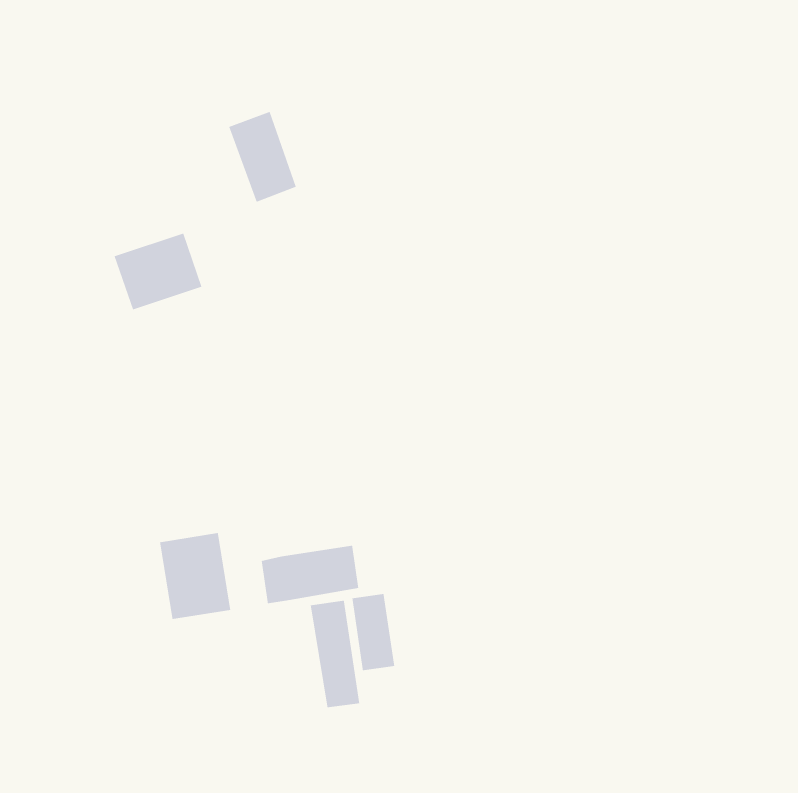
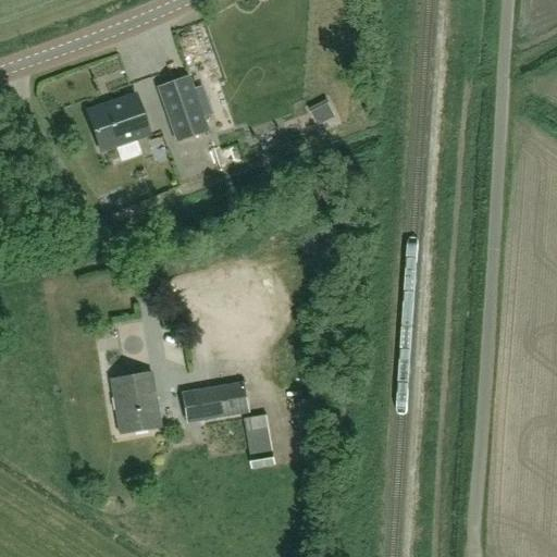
building: [114,232,203,310] -> [87,96,149,150]
building: [310,600,360,708] -> none

